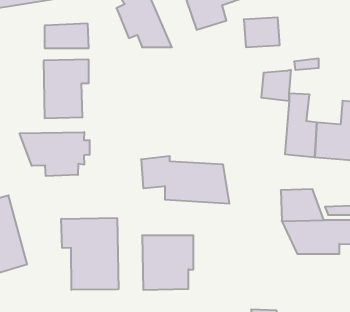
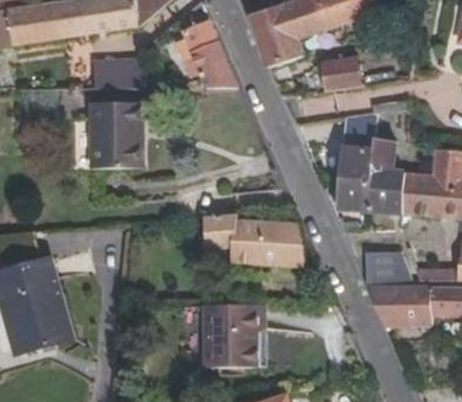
building: none -> [336,145,374,210]
building: [20,132,89,176] -> none
building: [61,218,118,290] -> none

